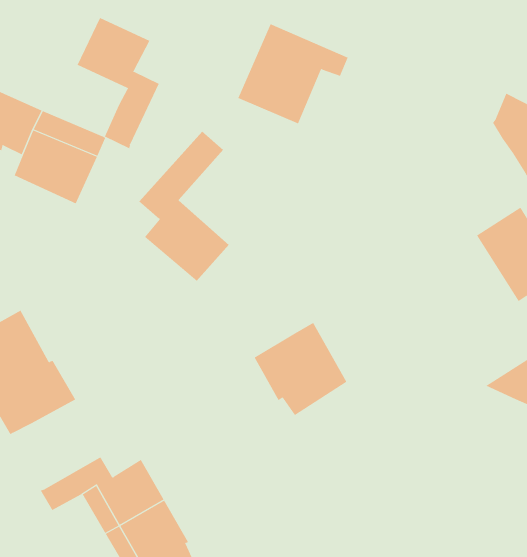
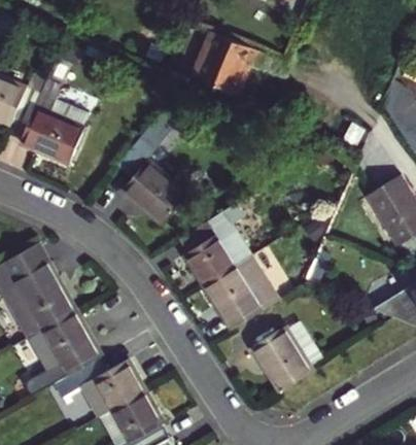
building: [77,17,159,149] -> none
building: none -> [181,203,250,282]
building: none -> [22,314,94,382]
building: none -> [251,328,312,392]

